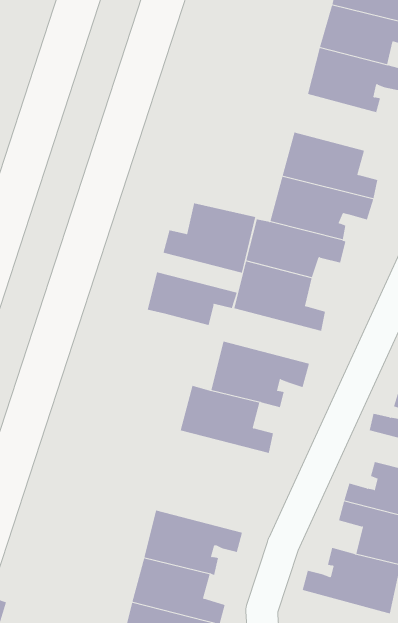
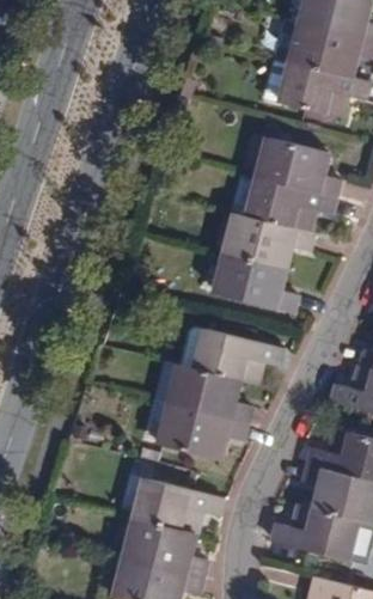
building: [163,202,256,273] -> none
building: [147,271,238,326] -> none
building: none -> [153,403,244,462]

